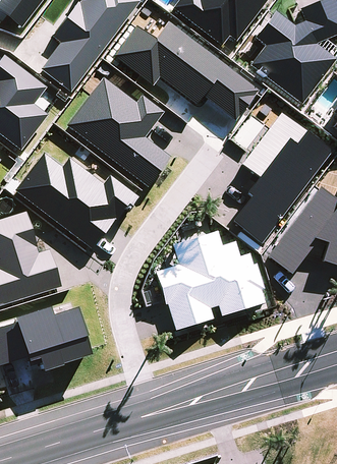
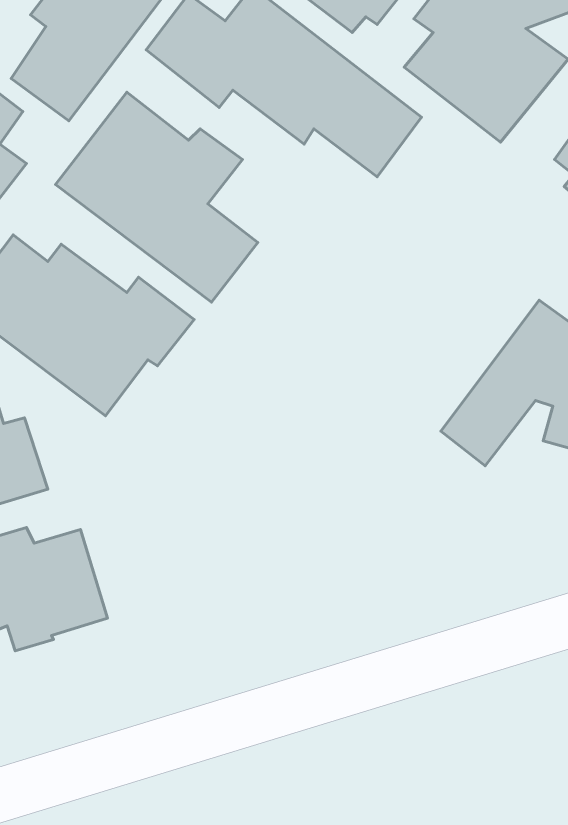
building: [232,111,330,240] -> none
building: [153,229,264,330] -> none

